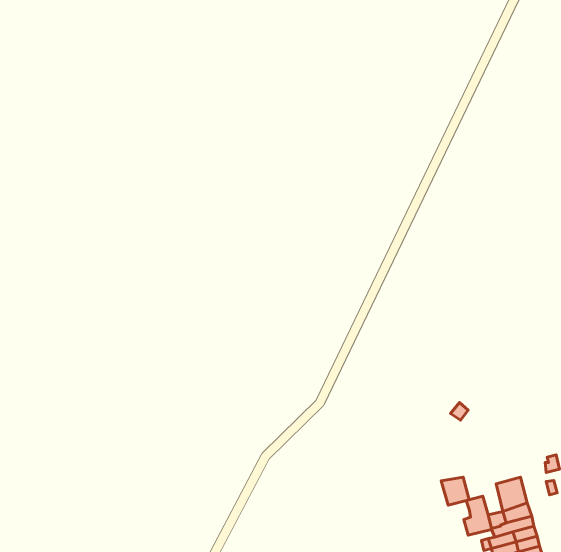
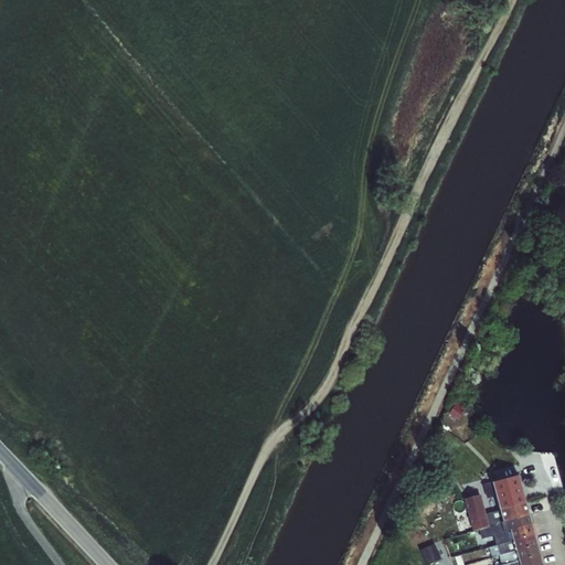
building: [441,477,469,505] -> none

